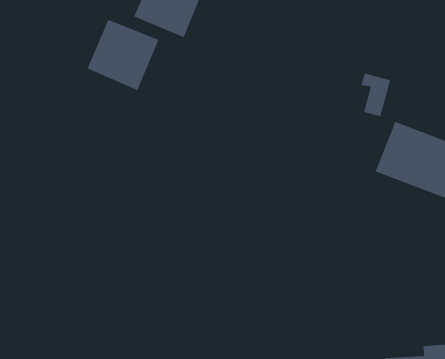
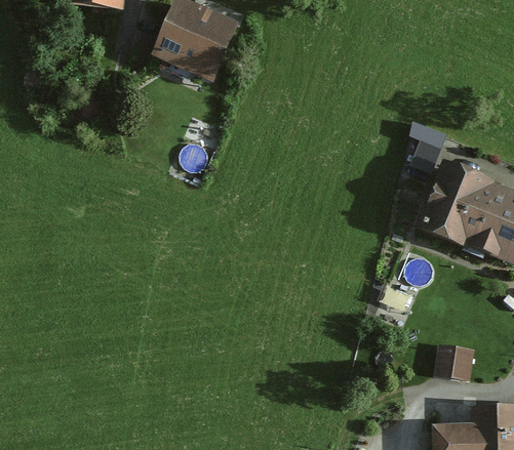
building: [86,19,159,91] -> none
building: none -> [436,344,473,377]

